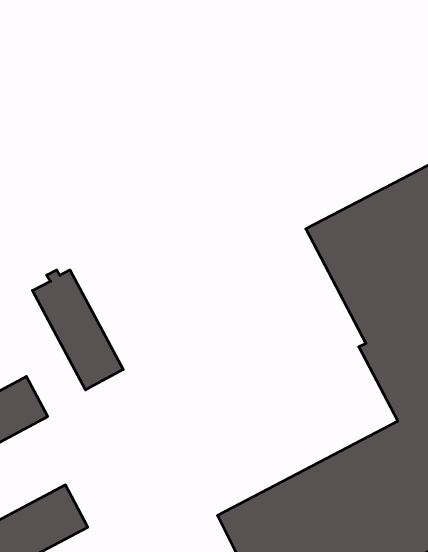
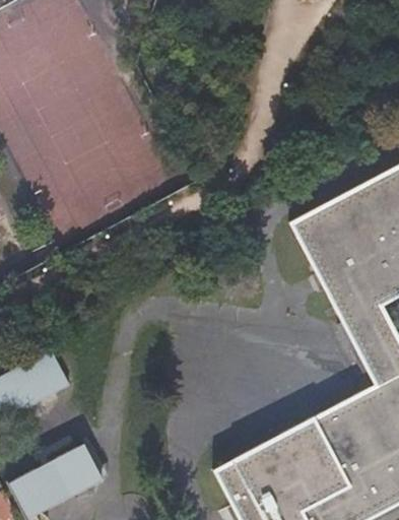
building: [32,270,123,390] -> none

